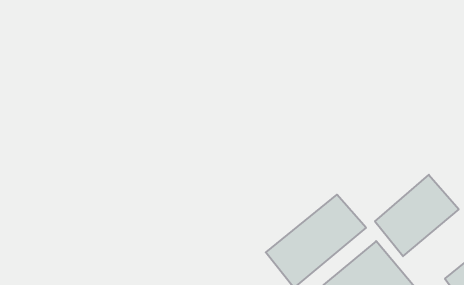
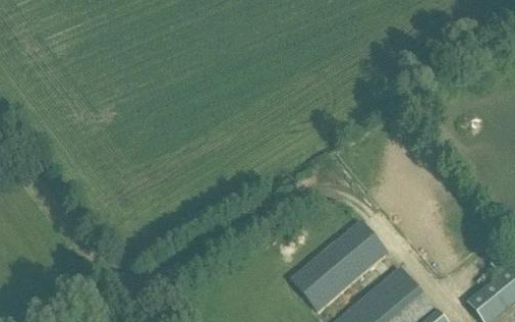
building: [375,175,459,256] -> none

